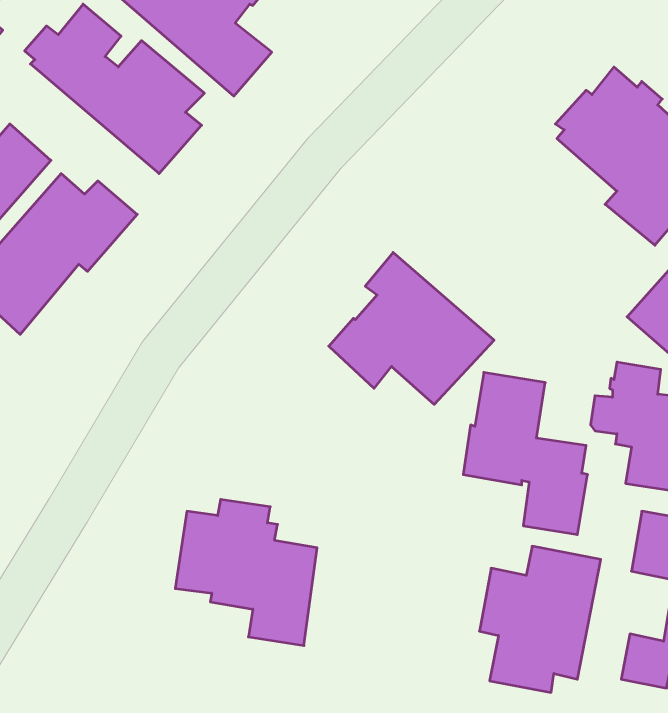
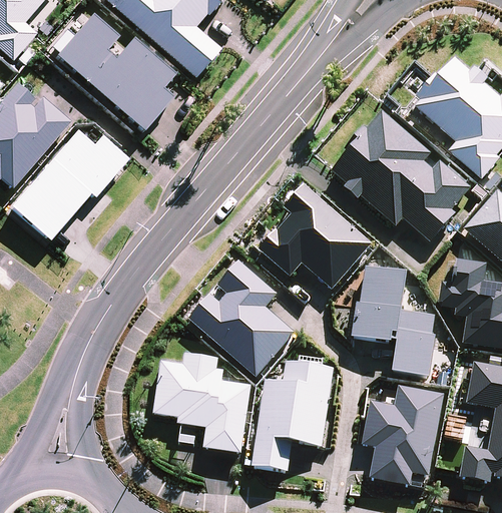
building: none -> [333,111,472,241]
building: none -> [189,260,295,376]
building: none -> [252,355,335,471]

